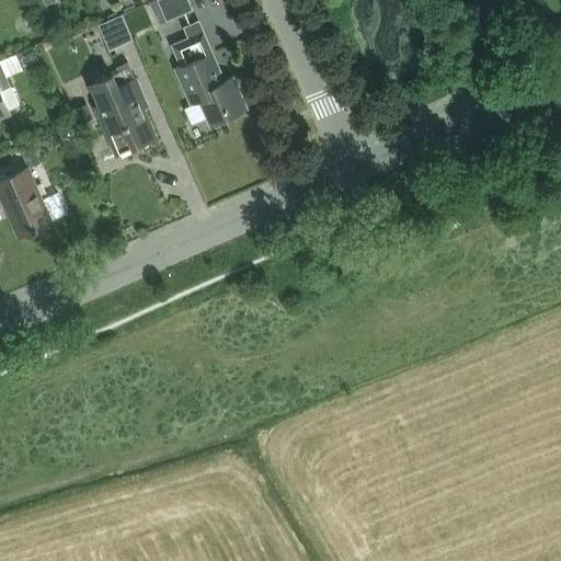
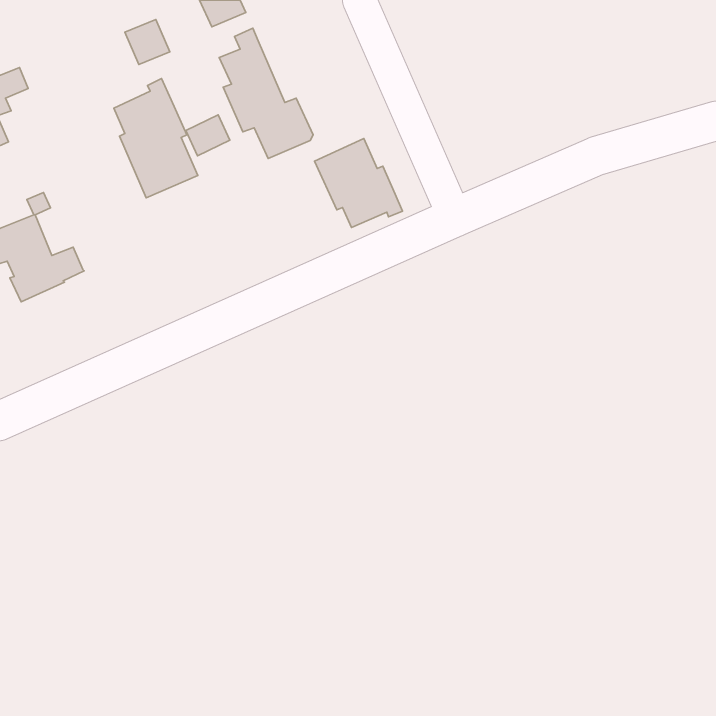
building: none -> [186,115,230,156]
building: none -> [314,138,402,228]

